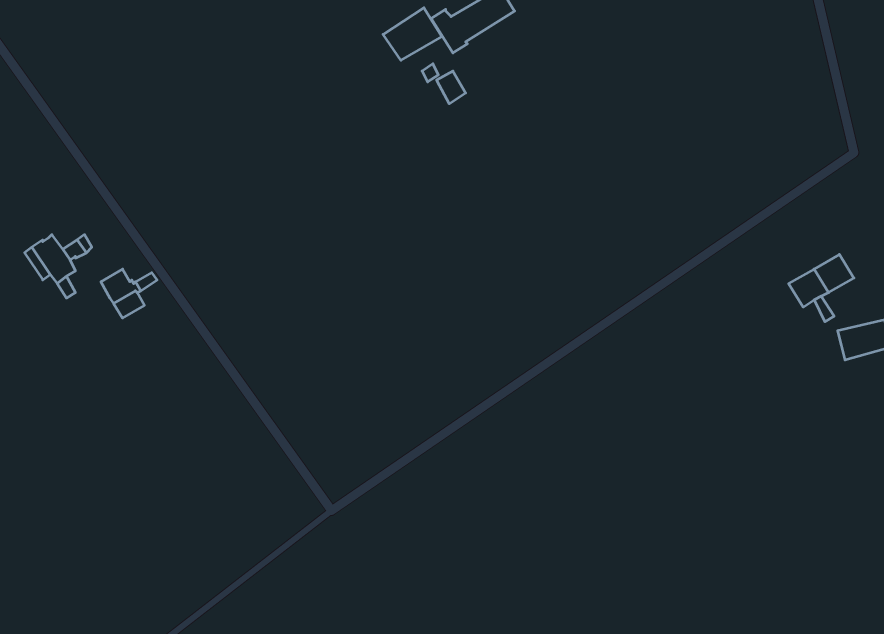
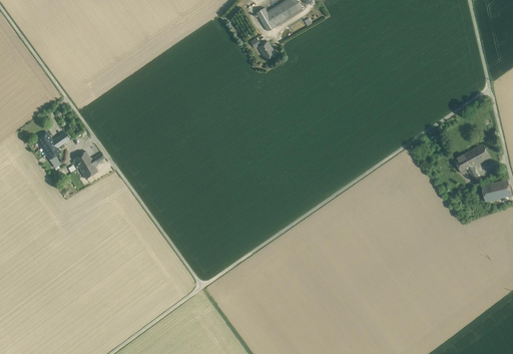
building: [383,8,442,60] -> none

